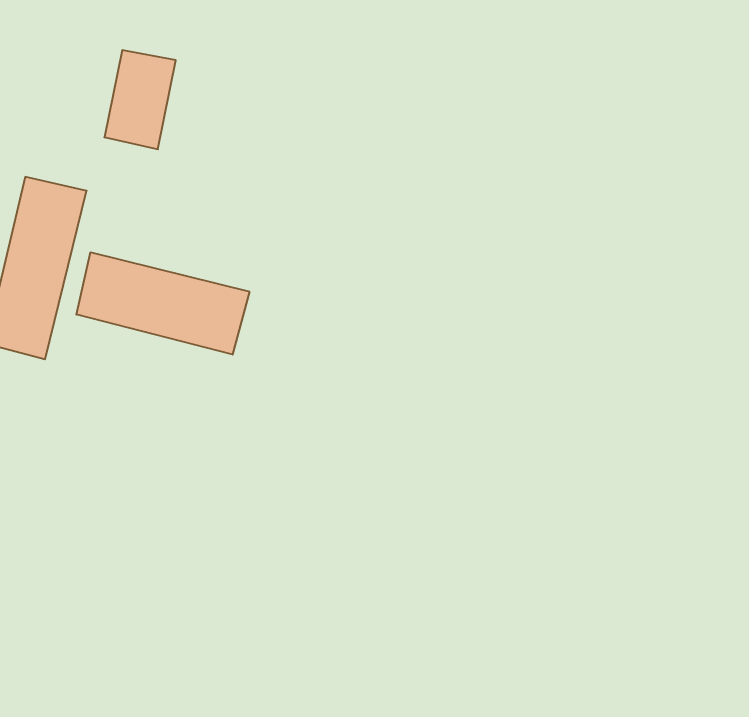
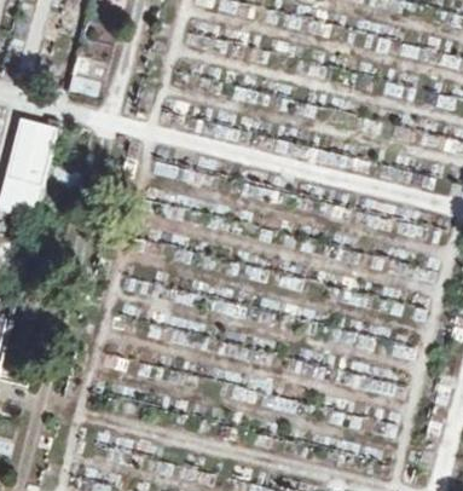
building: [76,252,249,355] -> none

